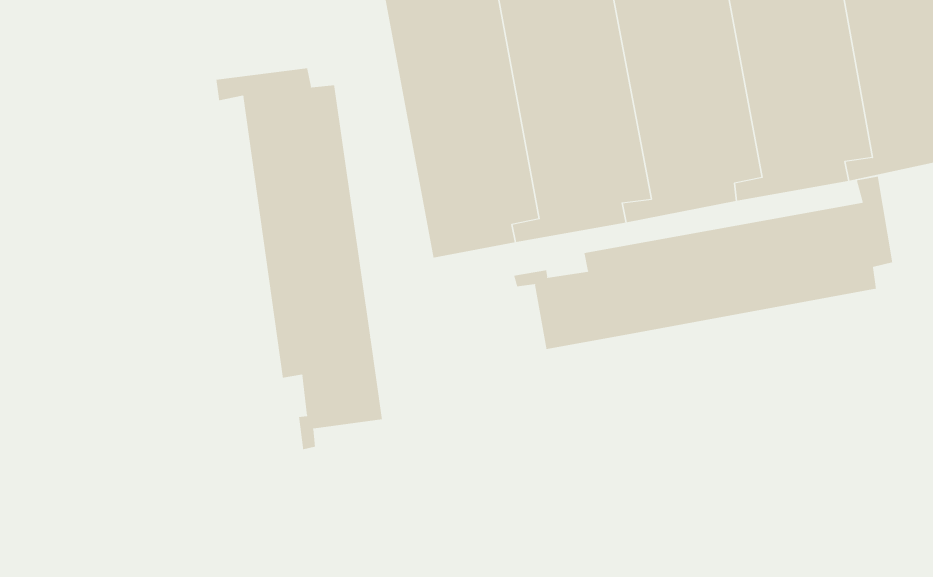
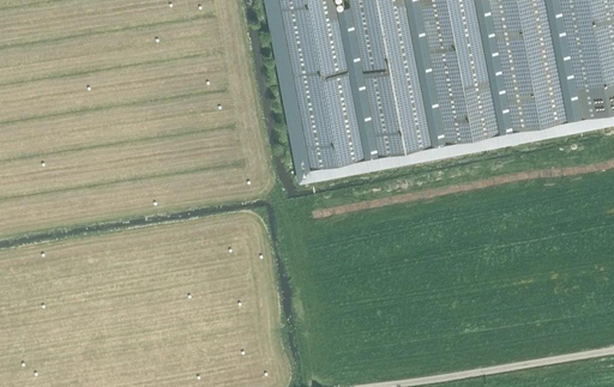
building: [216,67,382,450] -> none
building: [514,176,893,350] -> none

